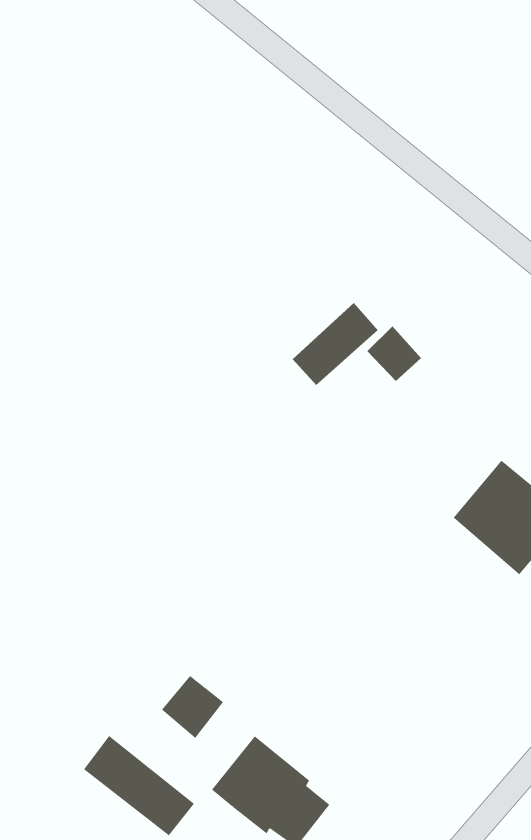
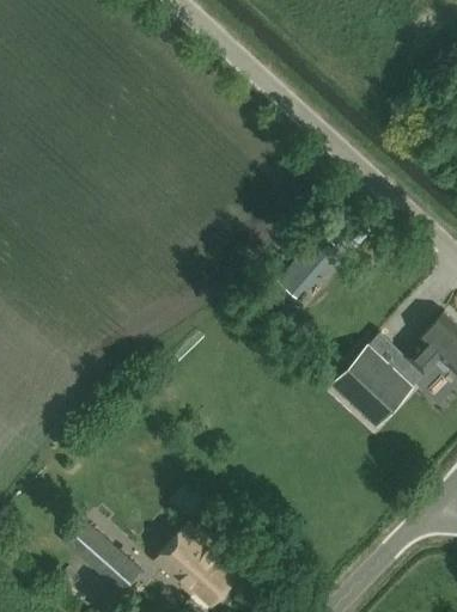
building: [292,302,378,386] -> none
building: [161,675,224,739] -> none

